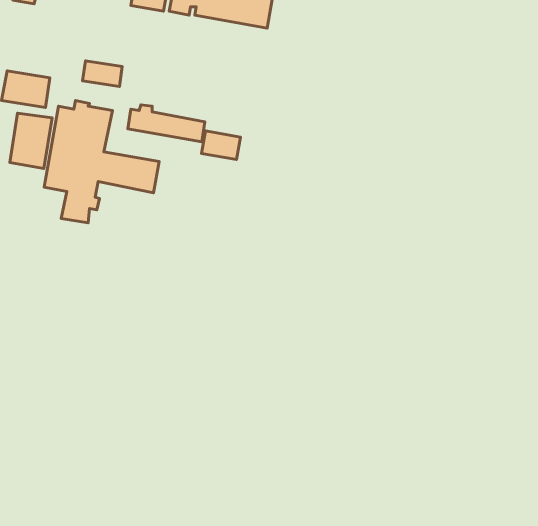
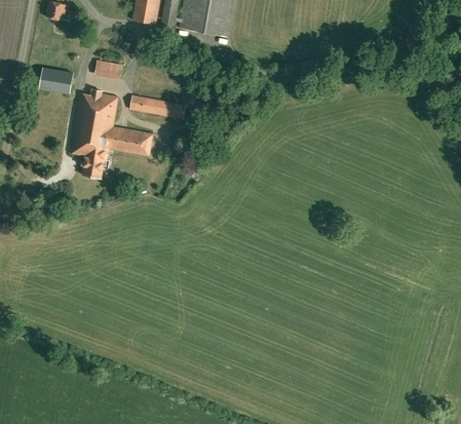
building: [10,113,52,168] -> none
building: [201,131,240,160] -> none

